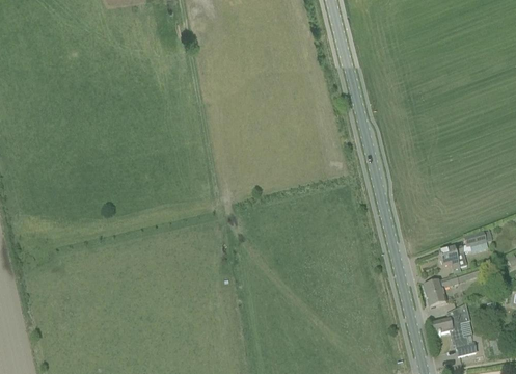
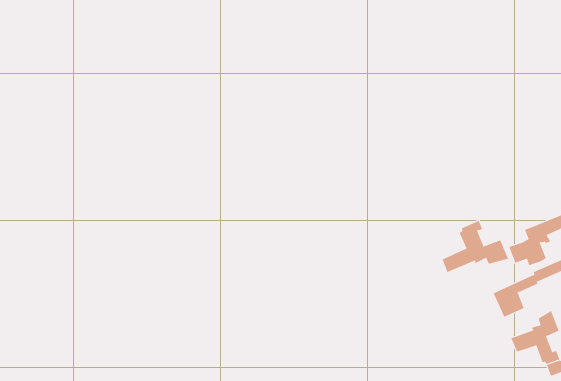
building: none -> [442,220,509,273]

